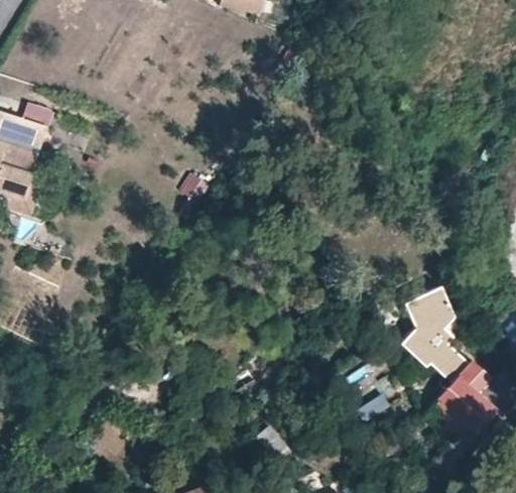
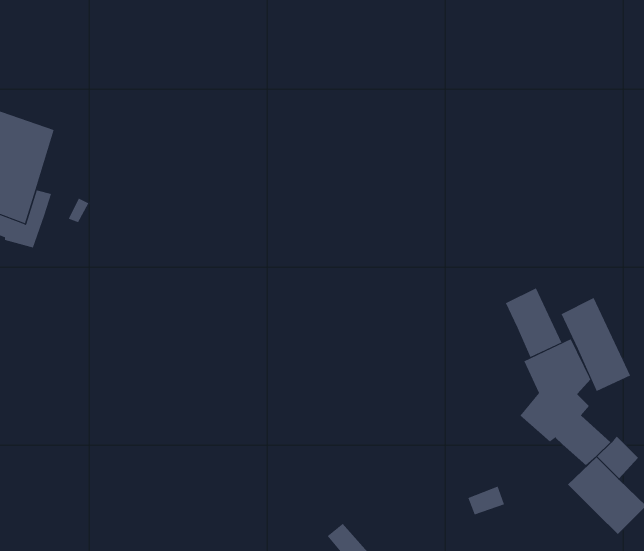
building: none -> [505,287,562,358]
building: none -> [561,297,631,392]

